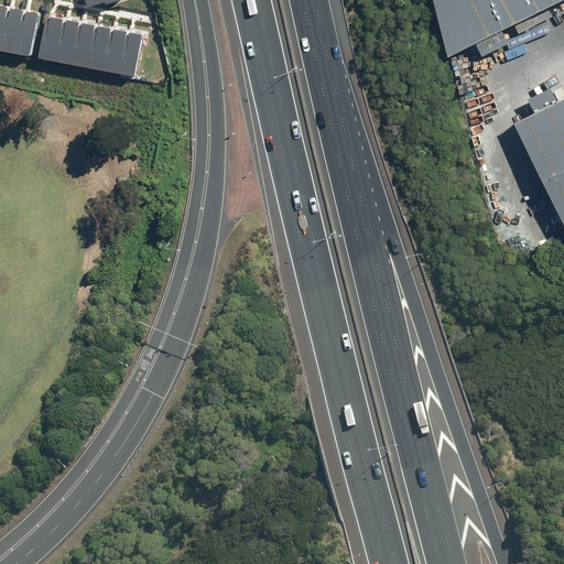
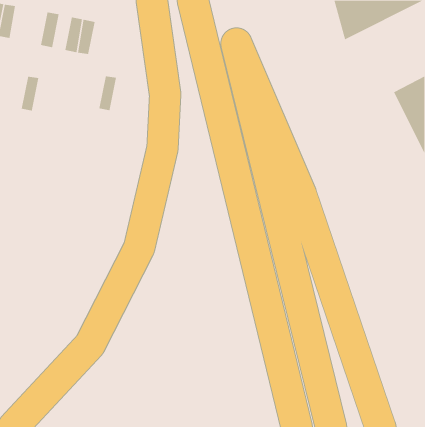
building: [13,9,36,54] -> none
building: [37,14,62,61] -> [21,76,39,111]
building: [69,20,94,67] -> none
building: [117,30,141,76] -> [98,76,117,111]

